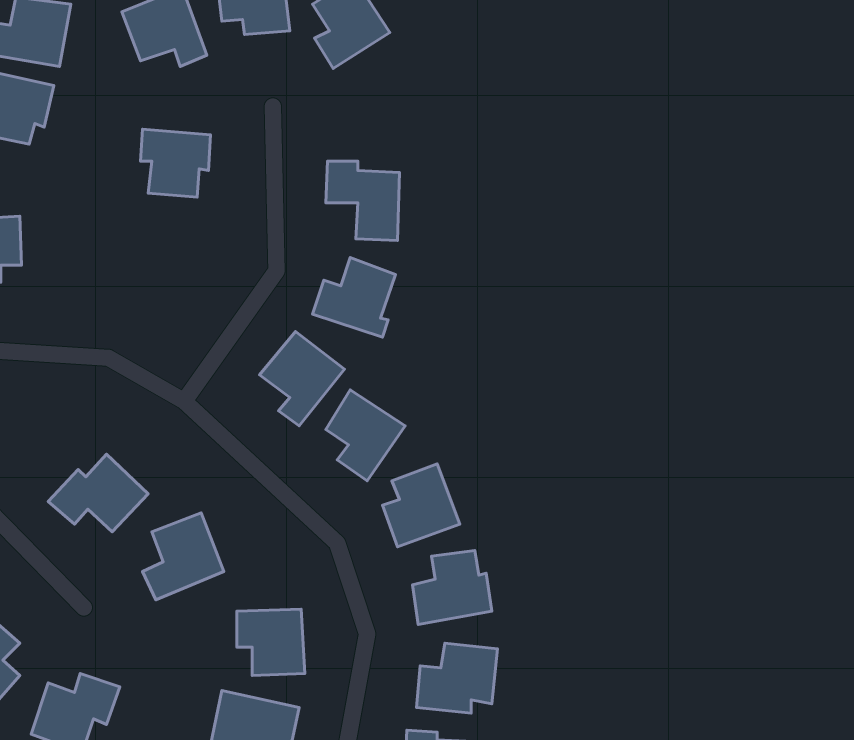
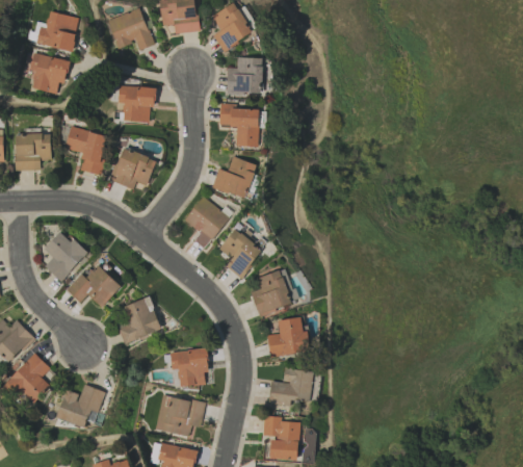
building: none -> [227,57,264,94]
building: none -> [64,126,107,176]
building: none -> [111,148,157,189]
building: none -> [45,232,88,282]

